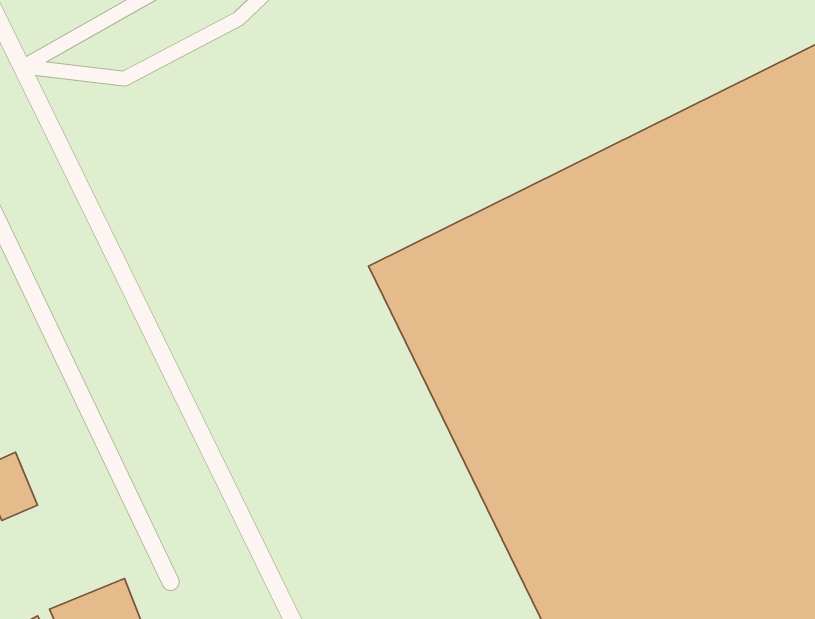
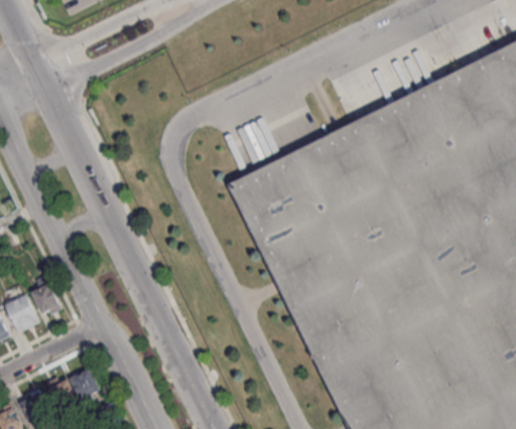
building: none -> [26,283,56,317]

